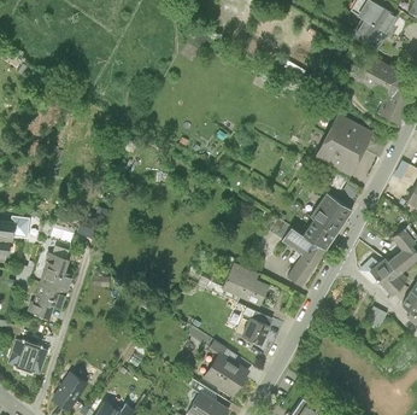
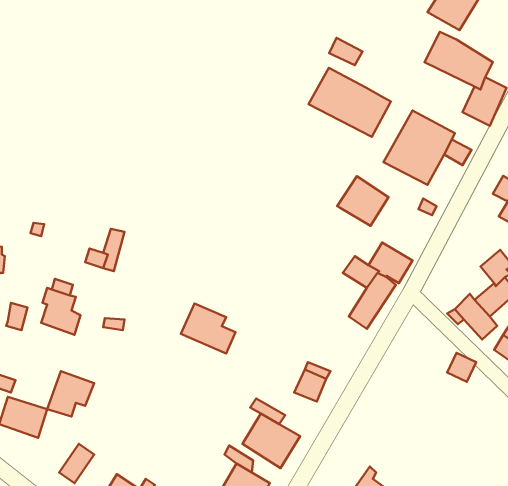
building: none -> [308,68,391,137]
building: [311,193,352,233] -> [337,176,389,226]
building: [223,264,266,304] -> [181,303,235,353]
building: [31,282,69,318] -> [47,371,94,417]

